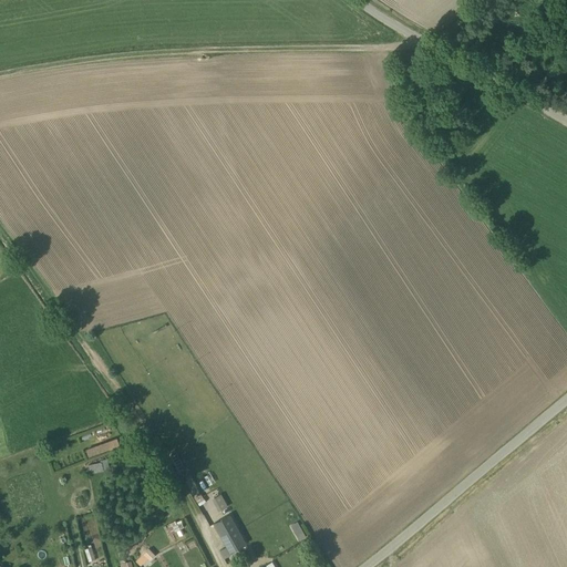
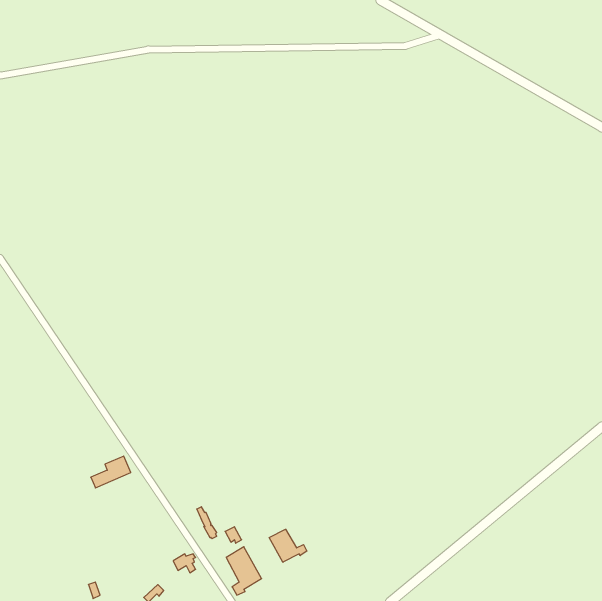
building: none -> [269,529,307,562]

